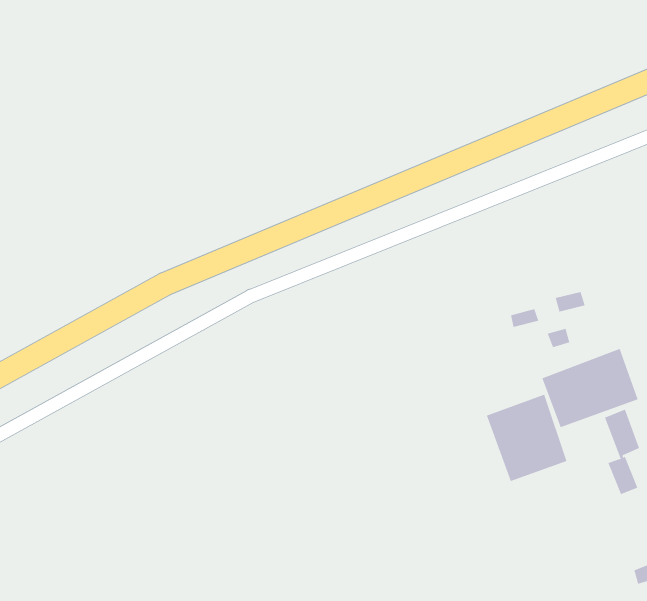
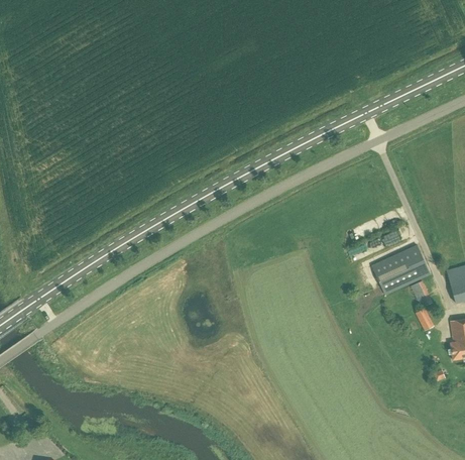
building: [486,394,567,482] -> none

